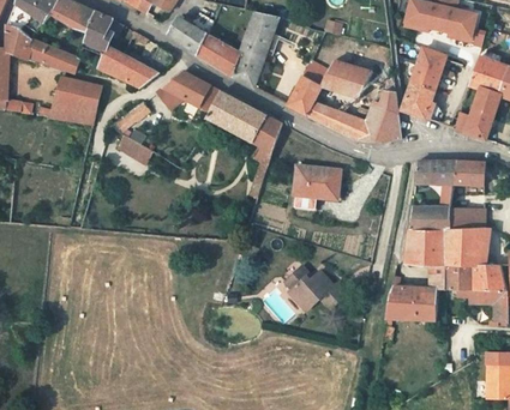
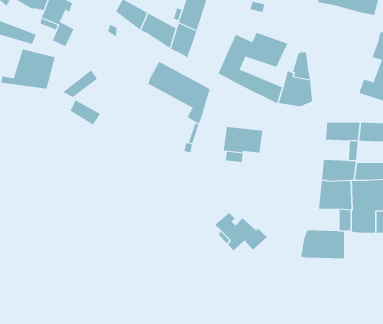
building: [401,49,445,119] -> none
building: [113,54,158,86] -> none
building: [160,72,221,110] -> none

